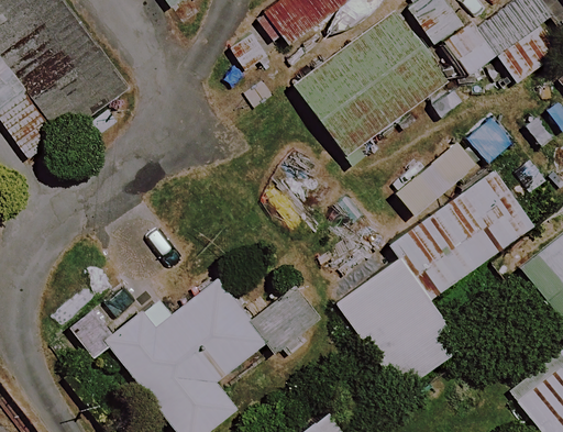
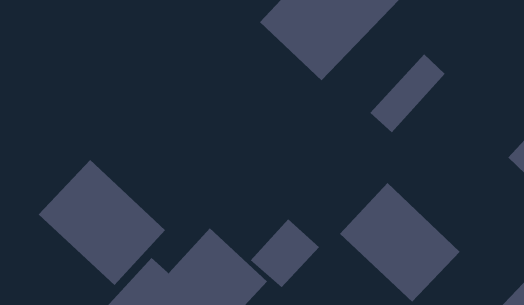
building: [400,169,531,290] -> none
building: none -> [38,159,166,286]

